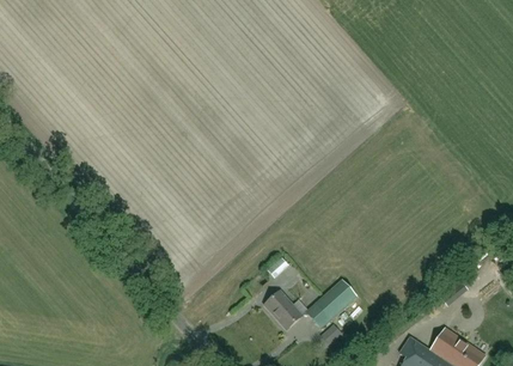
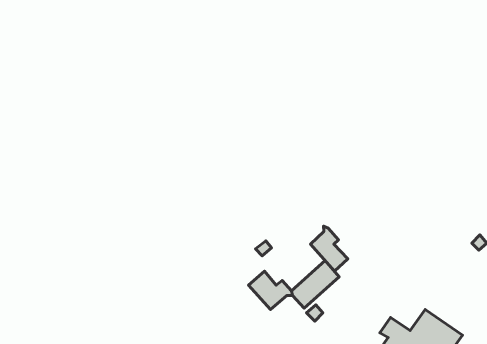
building: none -> [311,226,348,271]

